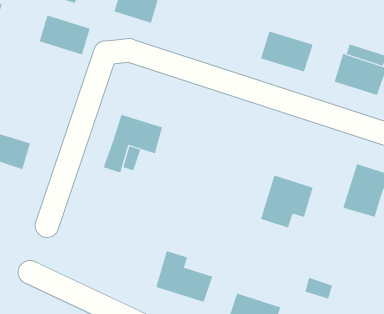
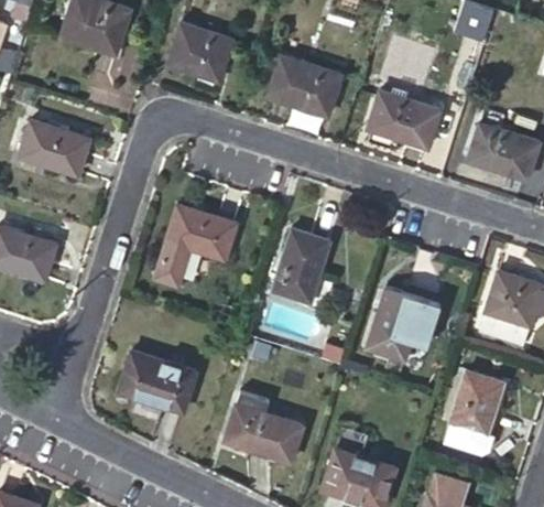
building: none -> [269,56,341,116]
building: [39,15,91,55] -> [20,120,90,175]
building: none -> [272,229,330,304]
building: none -> [119,352,196,412]
building: none -> [450,371,503,434]

